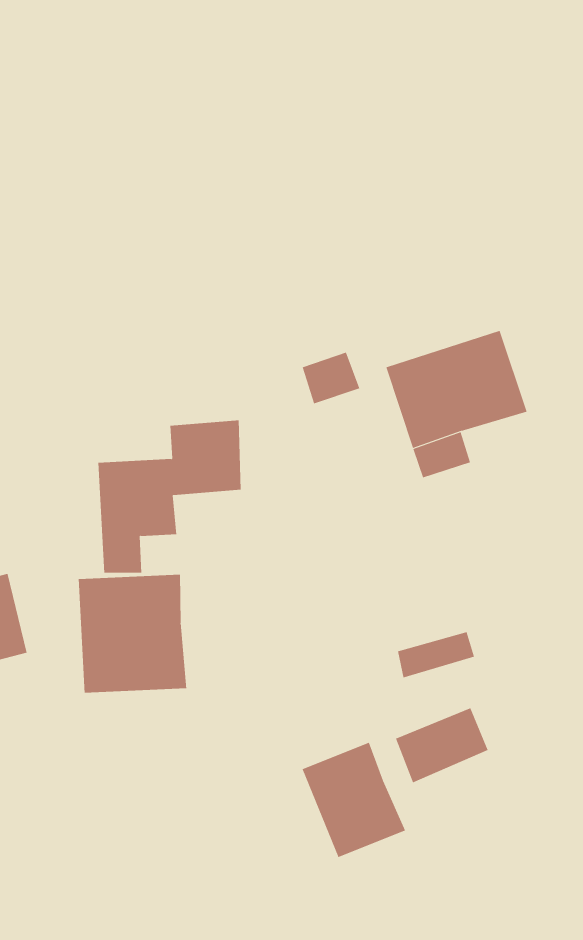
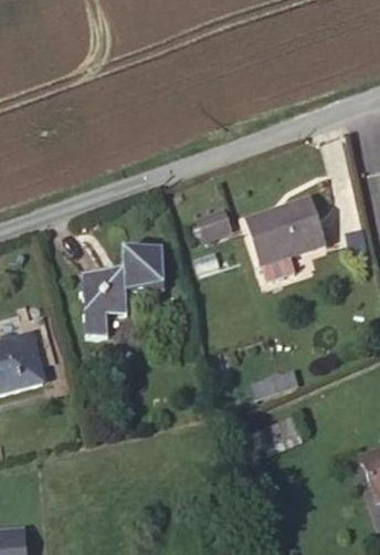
building: [78,574,187,694] -> none
building: [302,742,406,858] -> none

